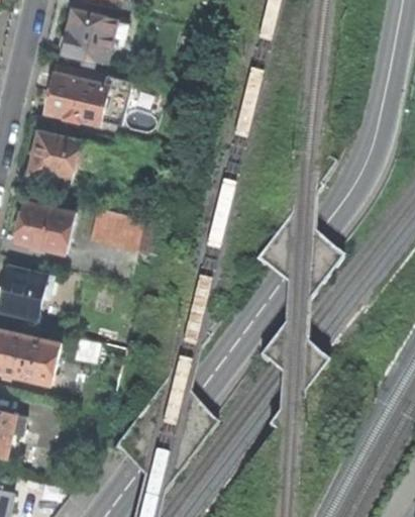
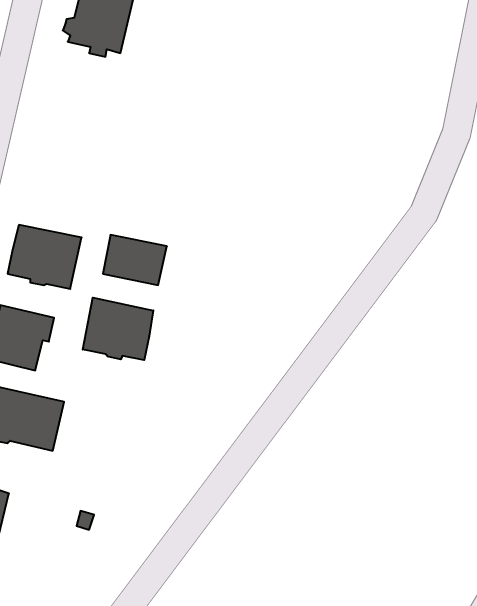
building: [42,73,130,127] -> none
building: [29,133,100,184] -> none
building: none -> [83,298,153,360]

